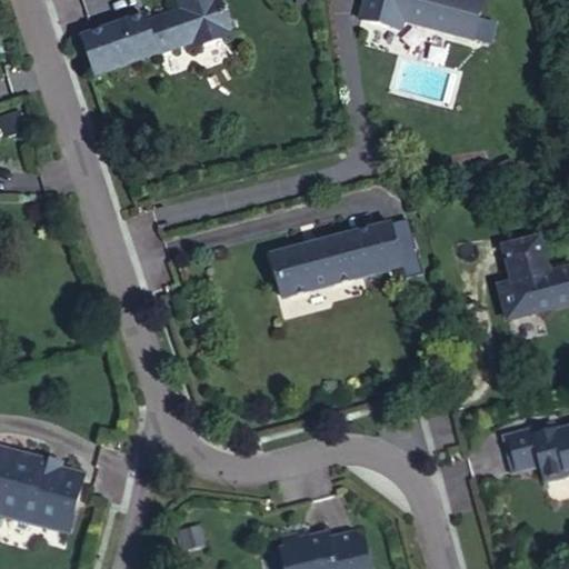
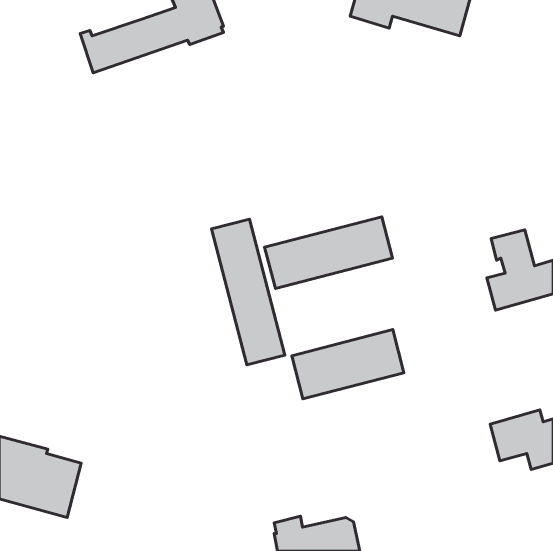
building: none -> [212,219,285,365]
building: none -> [292,330,404,399]

